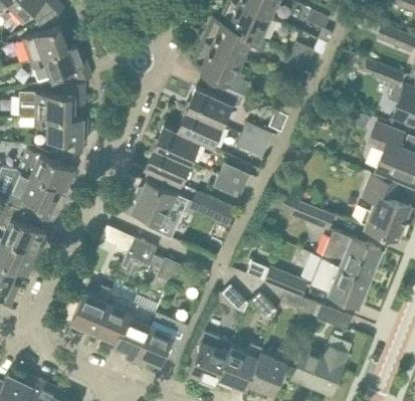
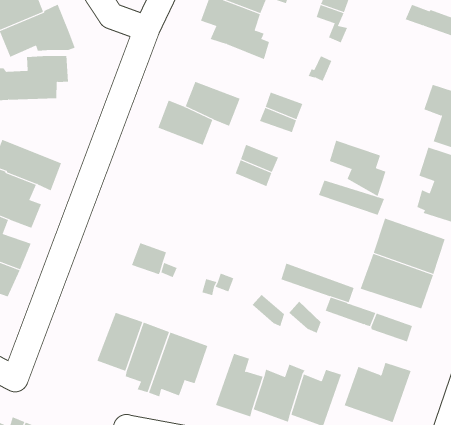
building: [187,83,244,128] -> none
building: [35,119,88,155] -> none
building: [146,148,191,186] -> none
building: none -> [329,140,386,197]
building: [135,182,190,239] -> none
building: [192,193,234,224] -> none
building: [101,226,136,257] -> none
building: [72,286,114,333] -> none

